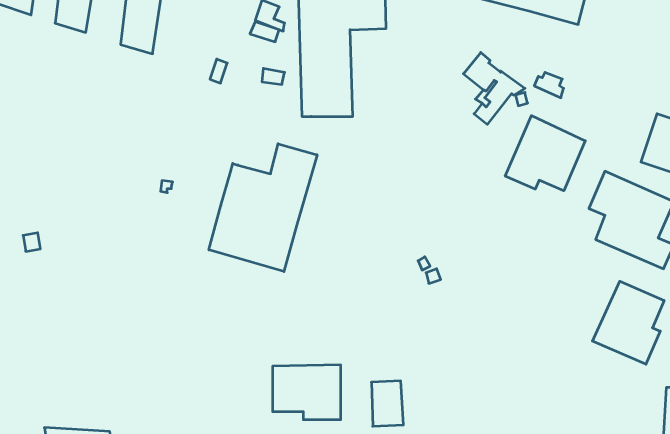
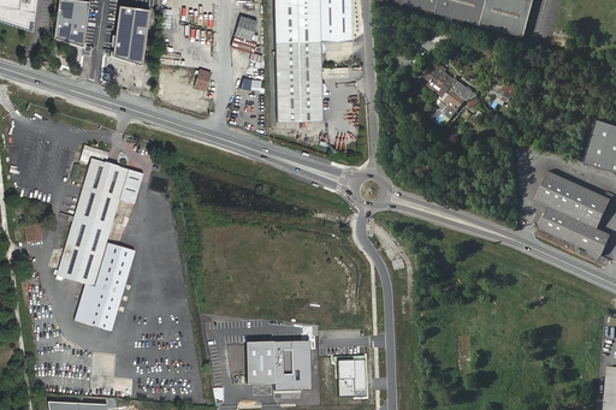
building: [505,116,585,191] -> none
building: [209,144,317,272] -> none
building: none -> [53,145,143,332]
building: [592,281,664,364] -> none

